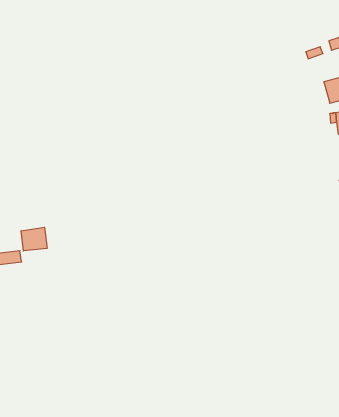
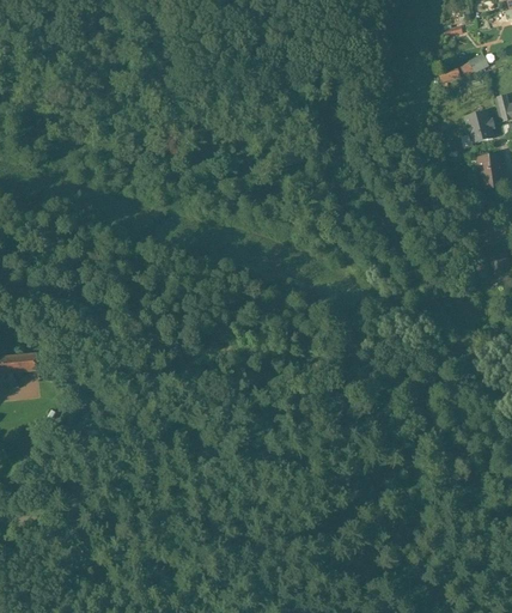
building: [21,227,47,251] -> none

